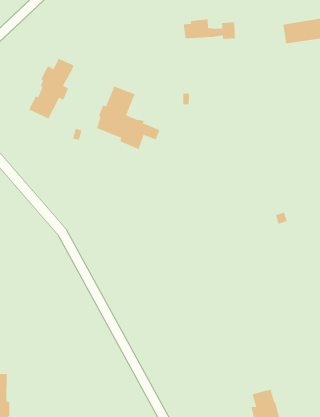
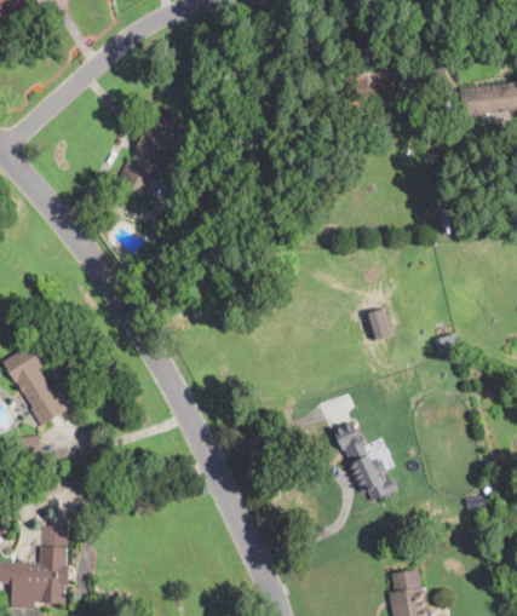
building: [96,85,160,150] -> none
building: none -> [364,307,392,340]
building: none -> [332,421,396,501]

